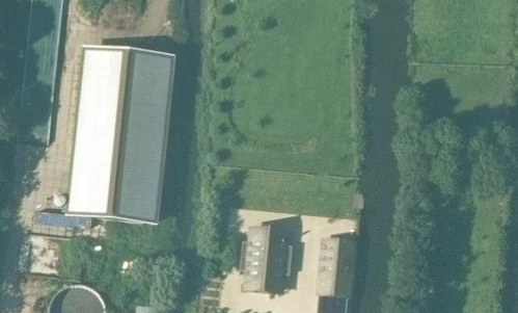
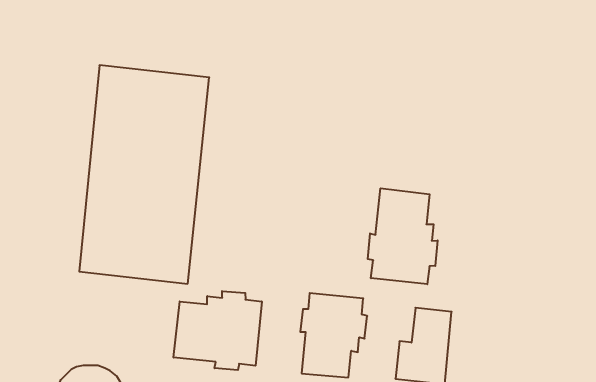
building: none -> [368,188,438,284]
building: none -> [174,291,262,370]

